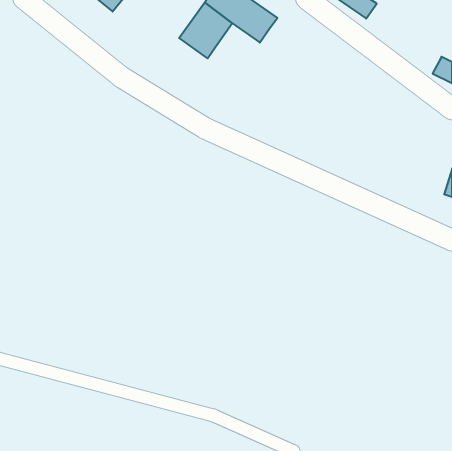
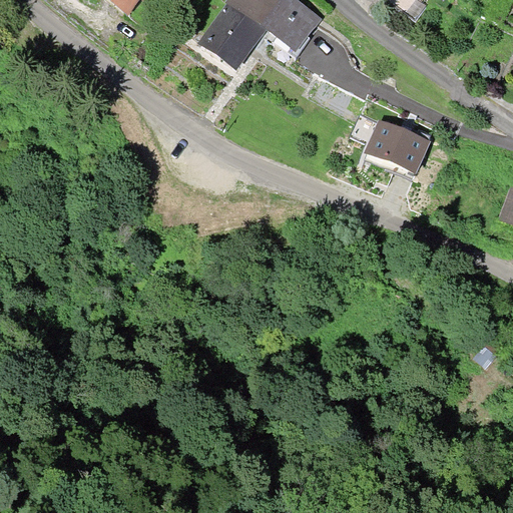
building: none -> [365,116,432,176]

